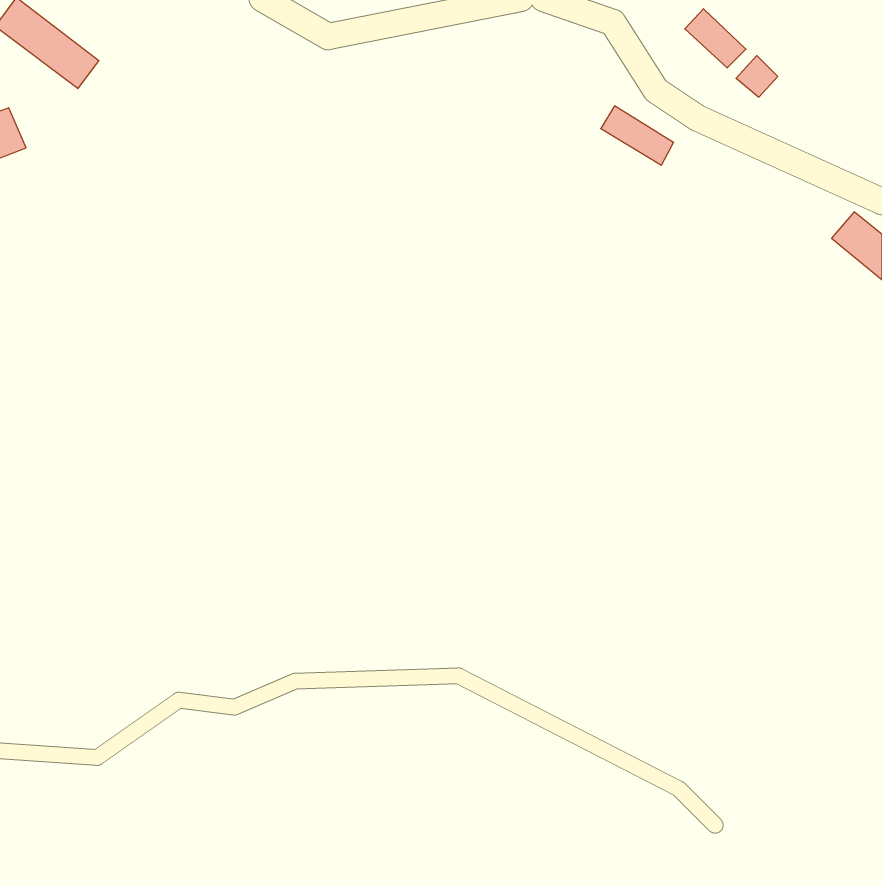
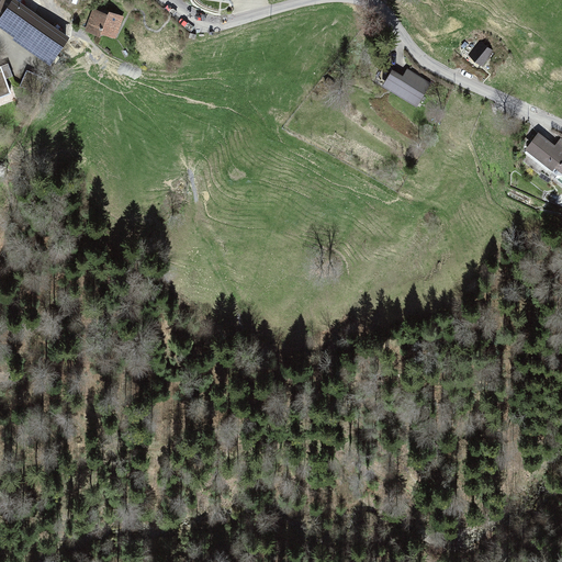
building: [685,9,746,68] -> none
building: none -> [85,9,127,44]

